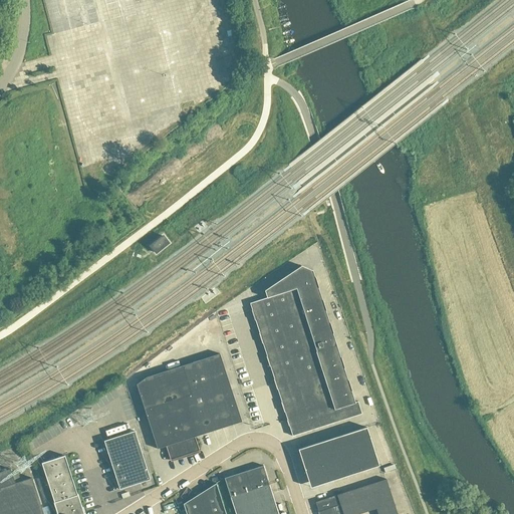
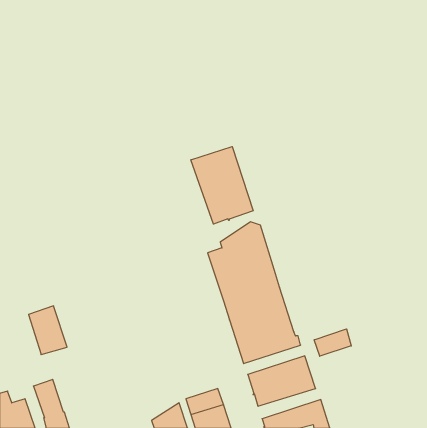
building: none -> [191,147,253,224]
building: [136,353,240,459] -> none
building: none -> [314,329,351,356]
building: [103,431,150,489] -> [29,306,67,355]

